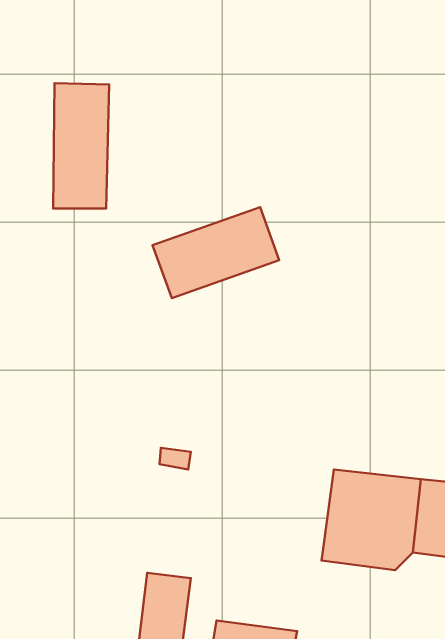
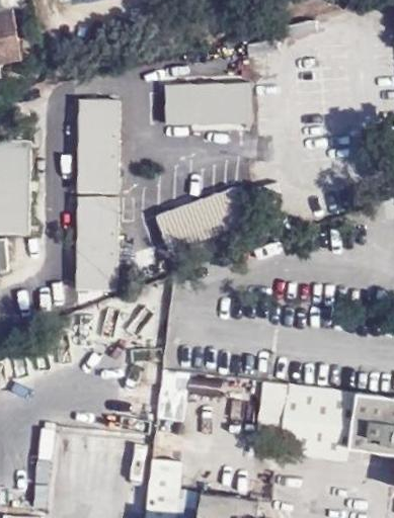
building: none -> [163,83,251,126]
building: none -> [78,193,117,286]
building: none -> [254,379,288,443]

